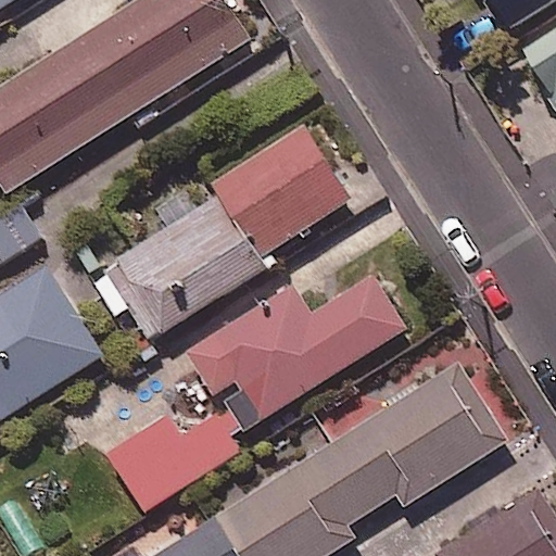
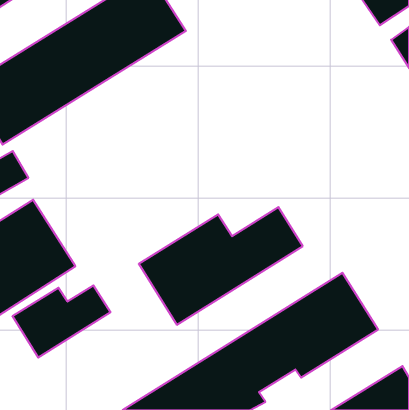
building: [103,127,350,342] -> none
building: [106,415,238,511] -> [12,285,111,358]

